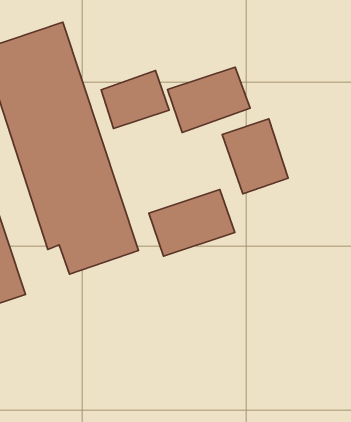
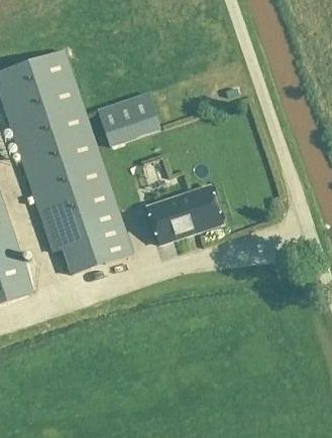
building: [168,67,250,133] -> none
building: [222,119,288,194] -> none

